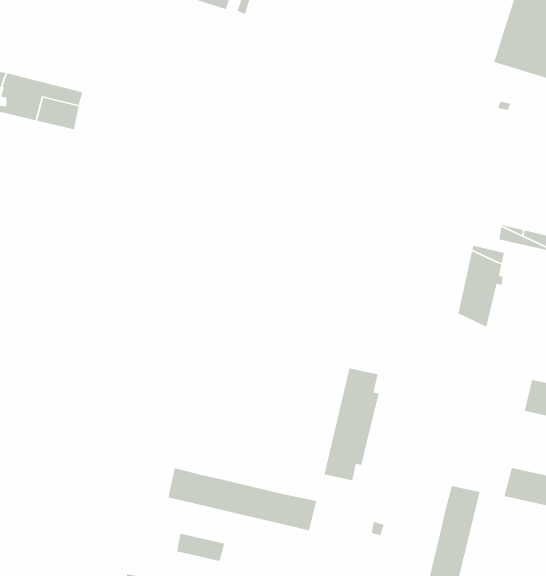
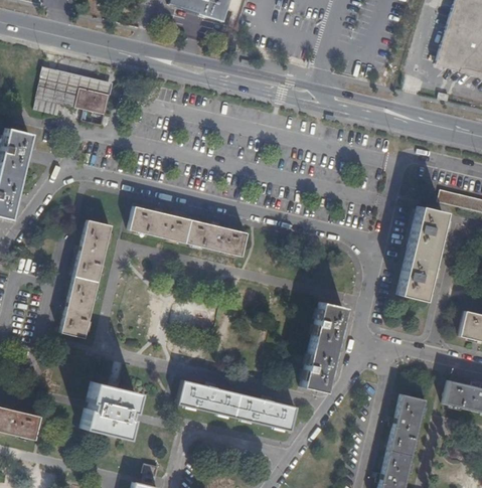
building: none -> [129,206,247,257]
building: none -> [60,219,111,337]
building: none -> [398,260,432,301]
building: none -> [82,381,136,438]
building: [176,533,225,562] -> none

